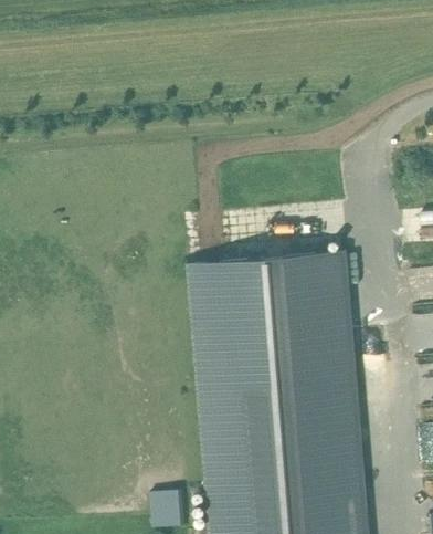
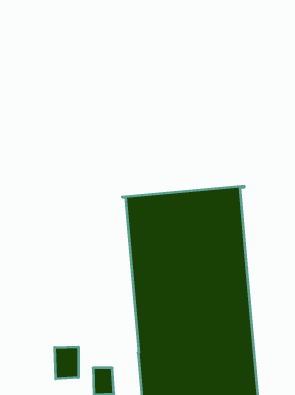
building: none -> [55,347,78,379]

